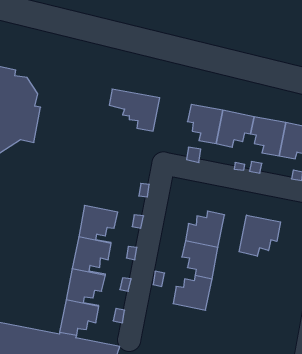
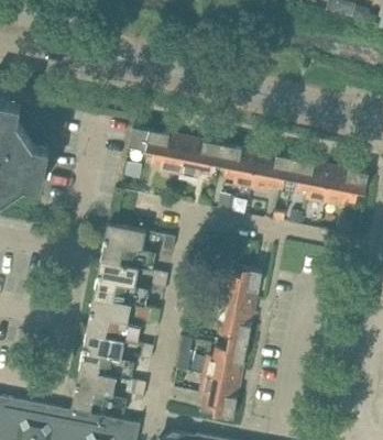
building: none -> [179,138,223,179]
building: none -> [100,224,145,270]
building: [239,215,281,256] -> none
building: none -> [198,375,240,419]

